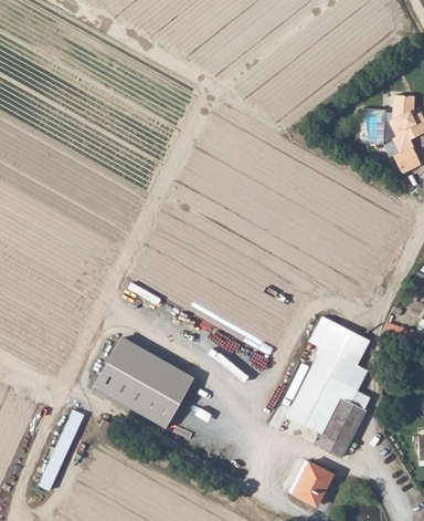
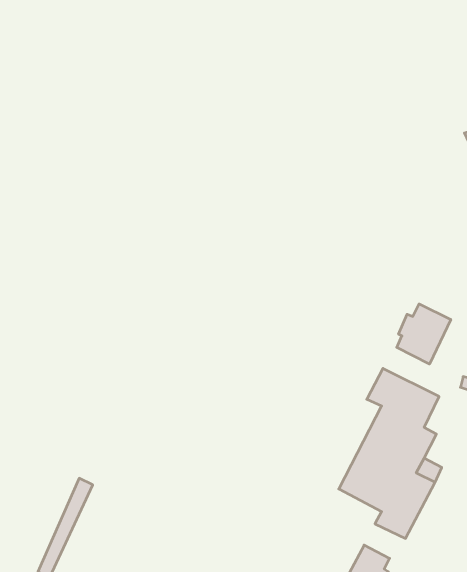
building: none -> [397,304,451,364]
building: [92,337,192,428] -> none

